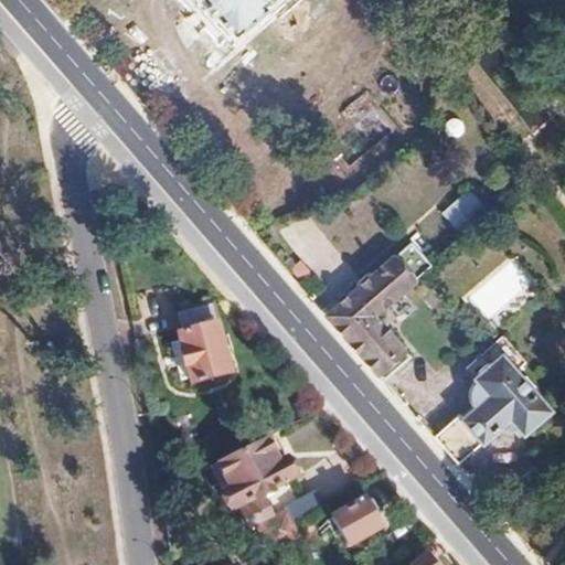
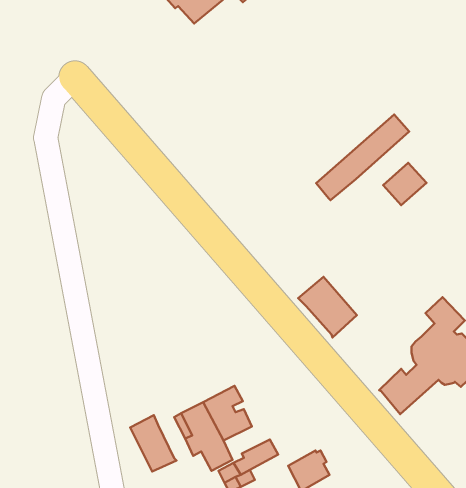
building: [331,241,433,334] -> [316,114,409,200]
building: [179,302,230,382] -> none
building: none -> [130,415,176,472]

